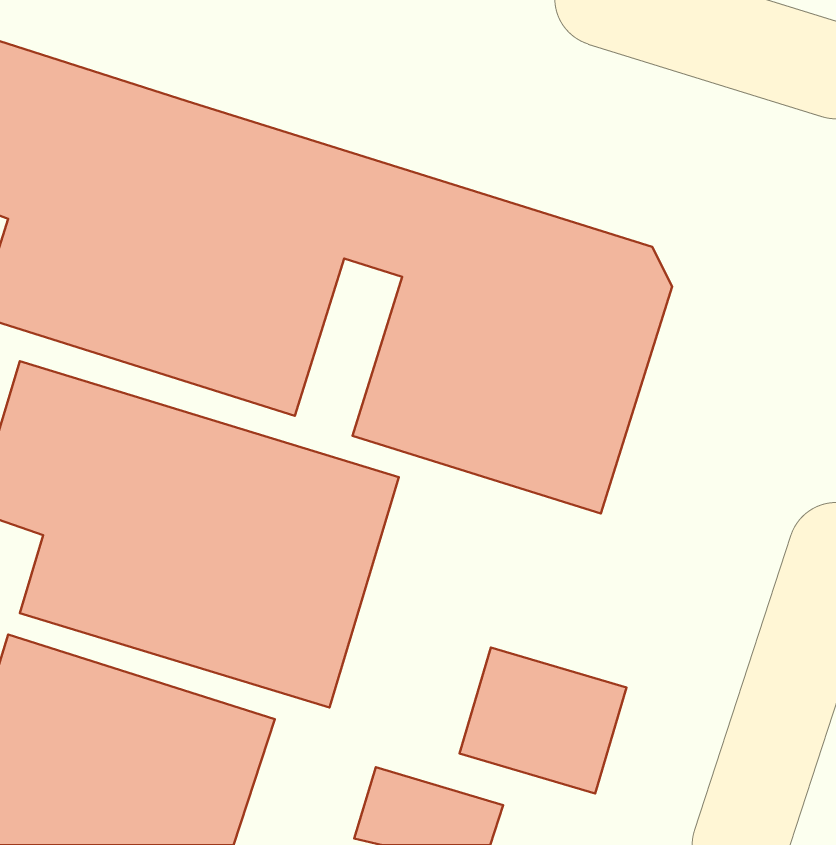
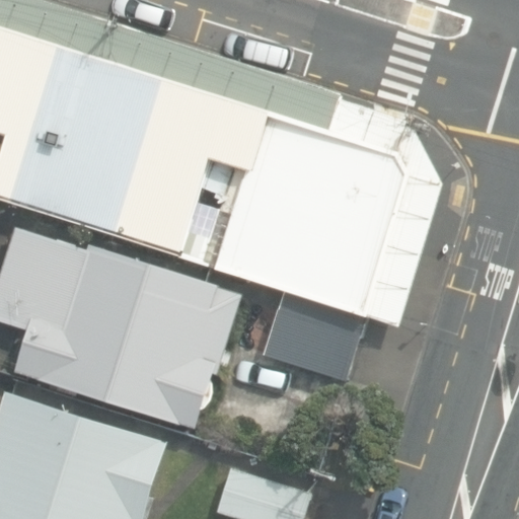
building: [459,648,627,793] -> [262,292,364,381]

